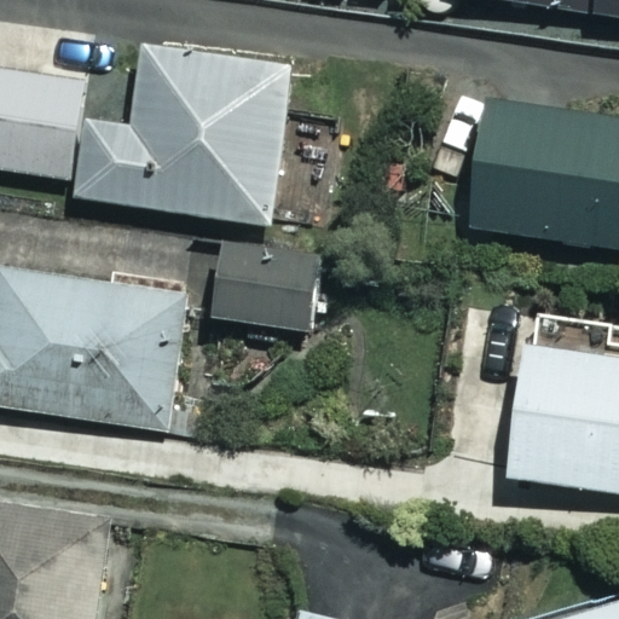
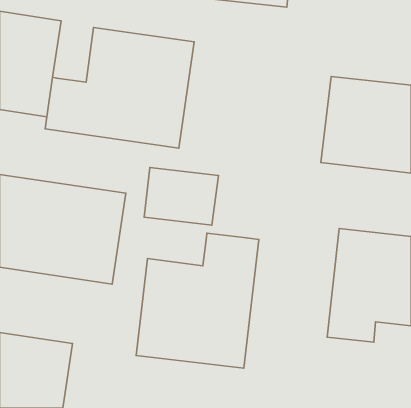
building: none -> [136,233,259,368]

